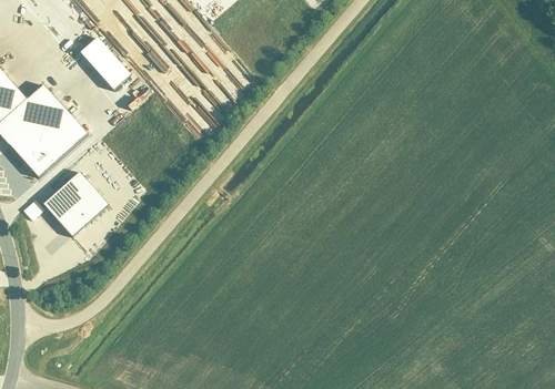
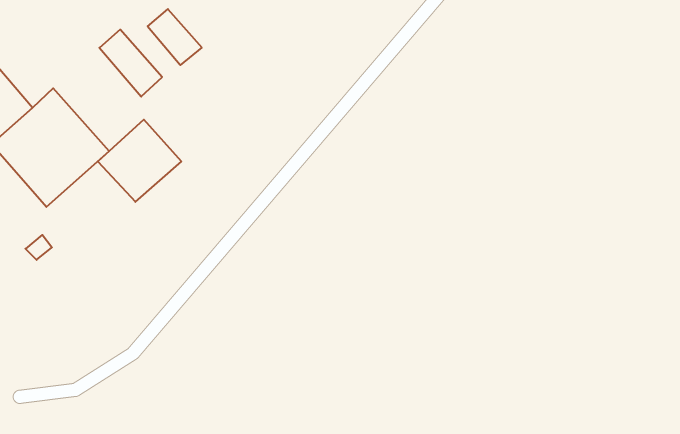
building: none -> [148,9,202,65]
building: [42,171,109,236] -> [98,120,181,202]

